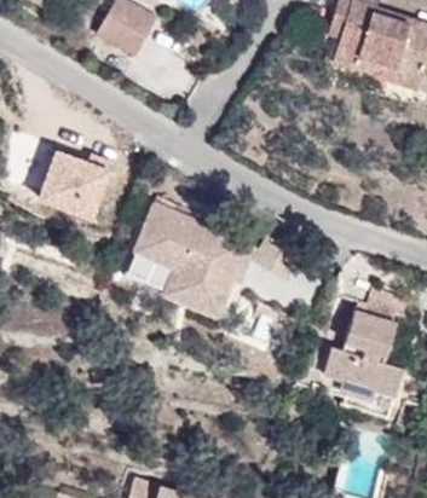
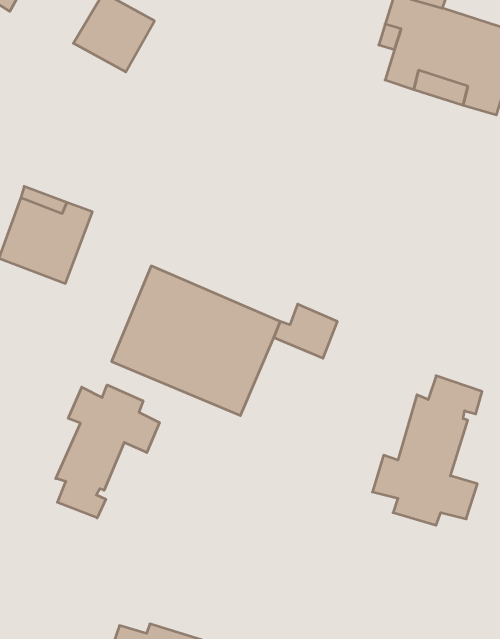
building: none -> [56,385,159,518]

